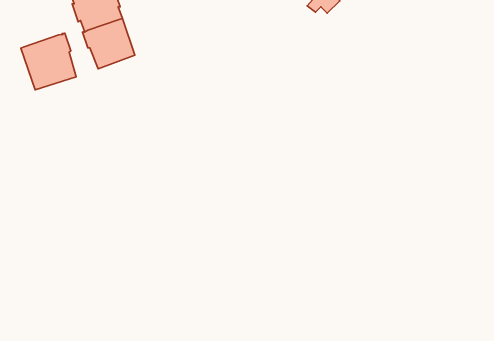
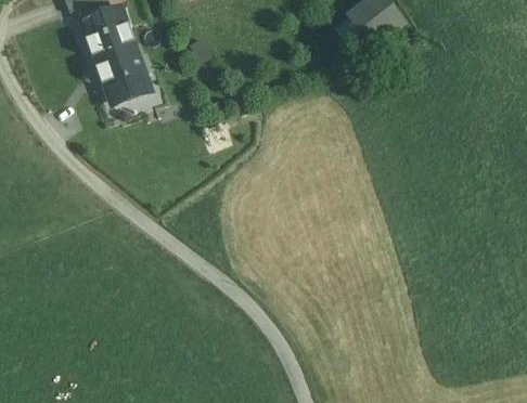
building: [21,33,76,90] -> none

